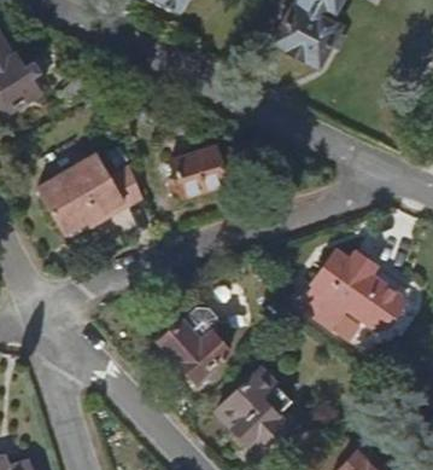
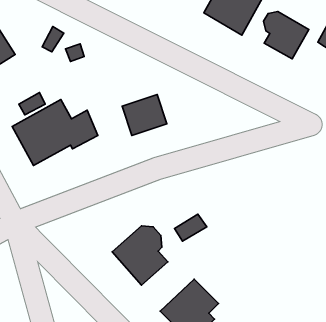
building: none -> [264,11,309,59]
building: [302,248,402,338] -> none

